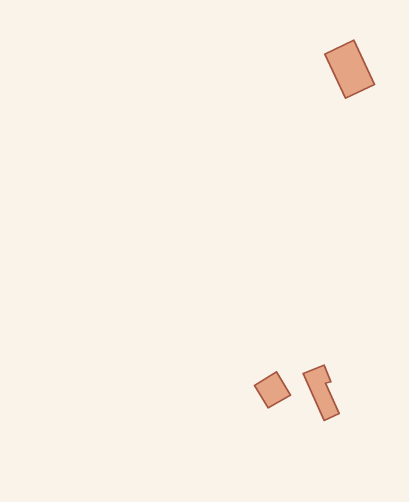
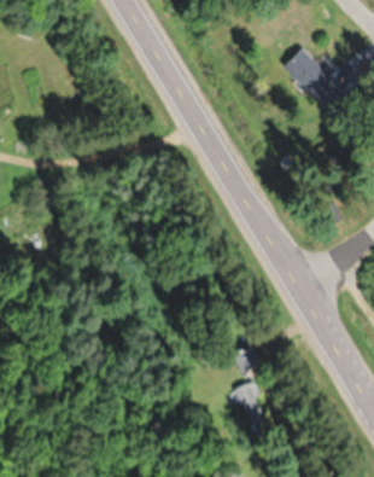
building: [303,365,339,420] -> [234,380,265,429]

